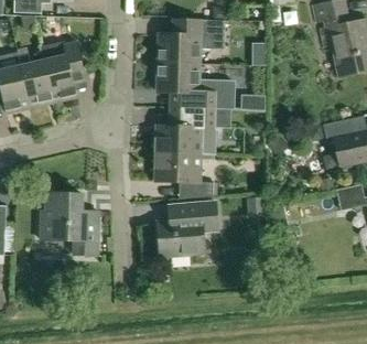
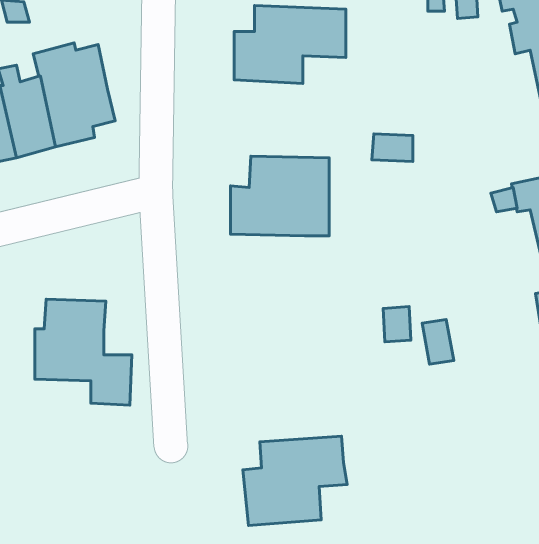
building: [156,62,223,108] -> none
building: [154,153,214,198] -> none
building: [156,203,218,256] -> [243,436,347,526]

